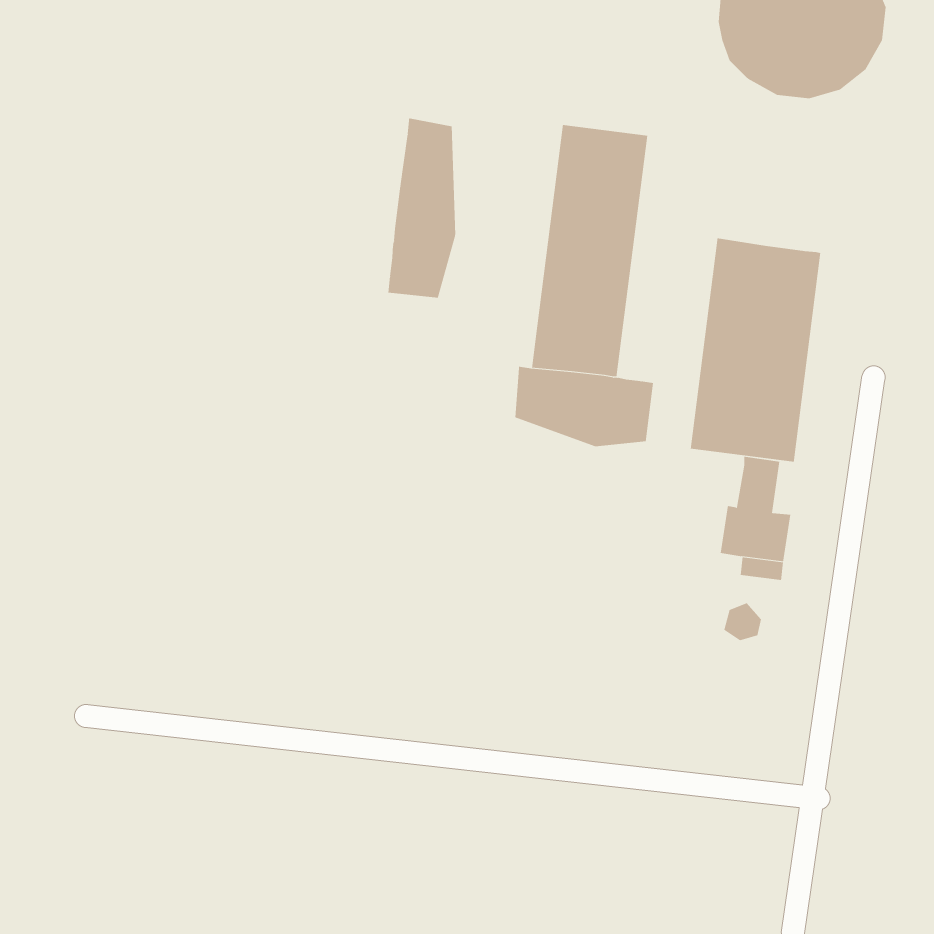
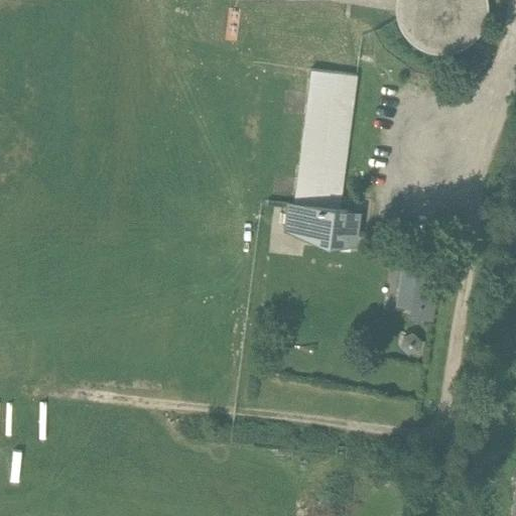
building: [388,117,456,299] -> none
building: [690,238,821,462] -> none

